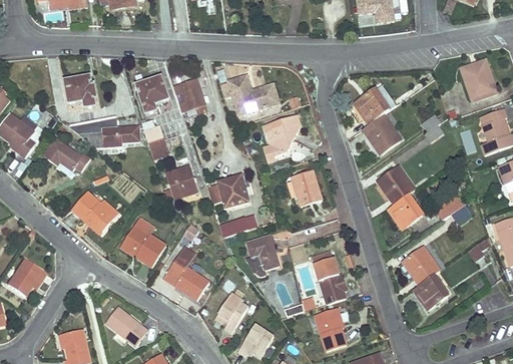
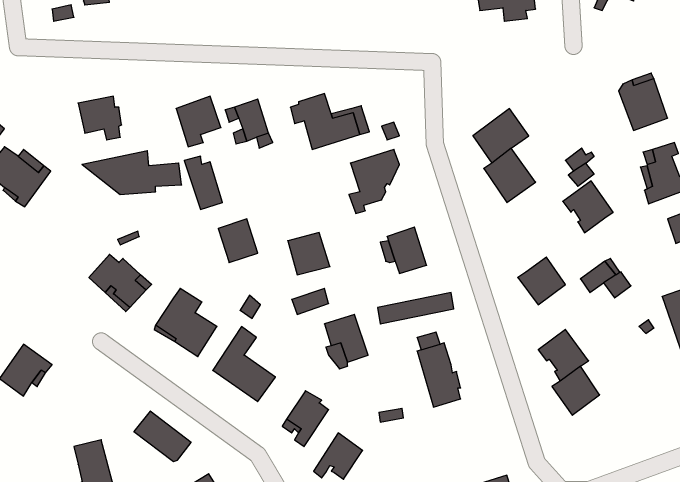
building: [43,137,90,170] -> none
building: [378,166,415,205] -> [563,181,613,233]
building: [316,310,346,351] -> none

